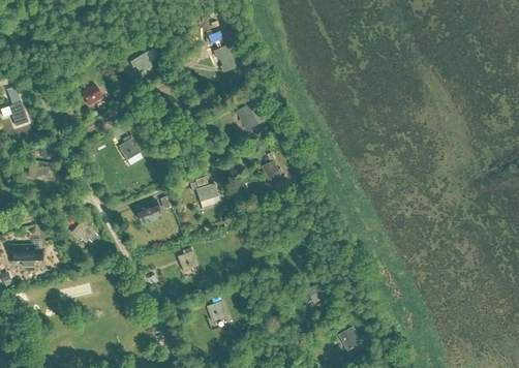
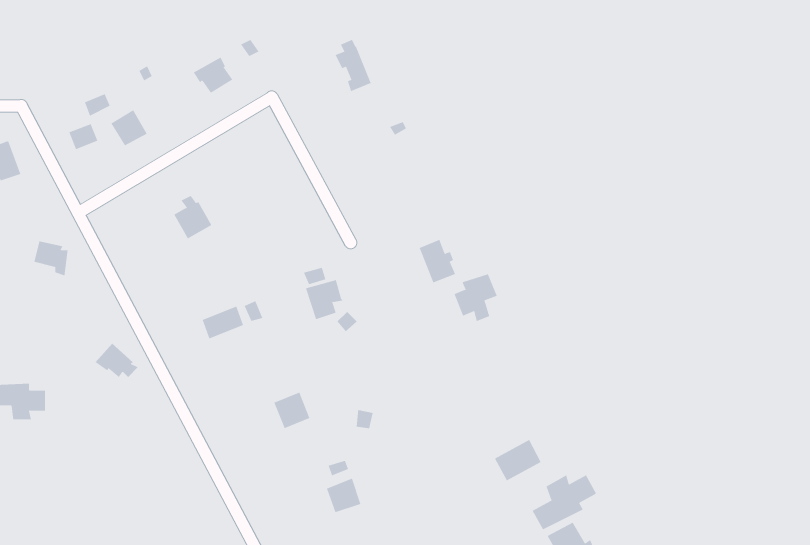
building: [238,102,266,130] -> none
building: none -> [454,273,497,322]
building: none -> [532,474,597,530]

